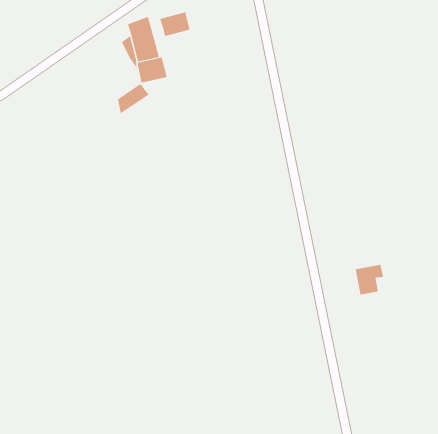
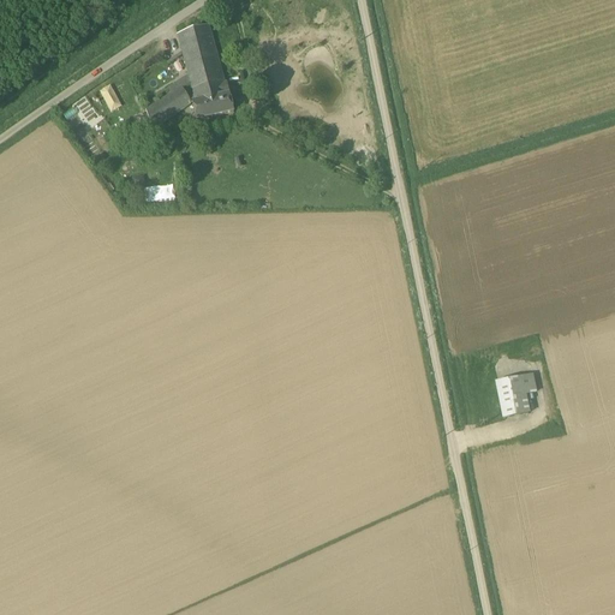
building: [160,11,190,37] -> none
building: [117,83,149,114] -> [149,83,195,126]

